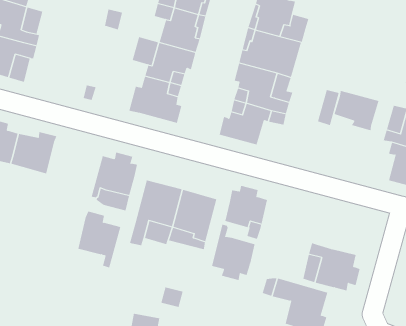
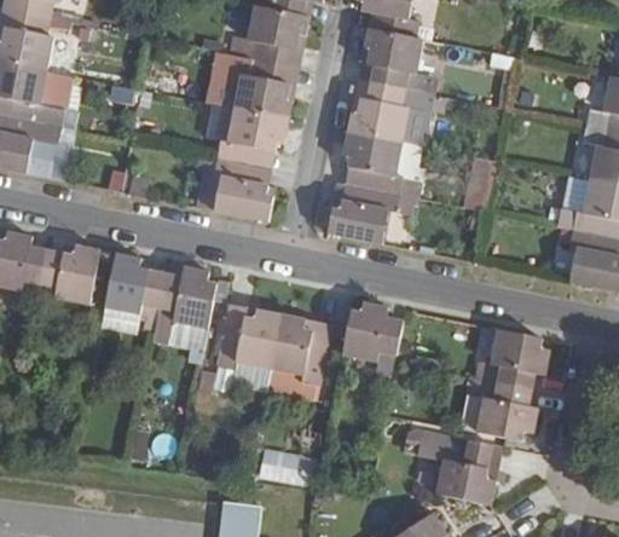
building: [334,90,379,131] -> none
building: none -> [476,329,551,389]
building: [78,211,121,268] -> [106,254,166,333]
building: [211,224,255,281] -> none

